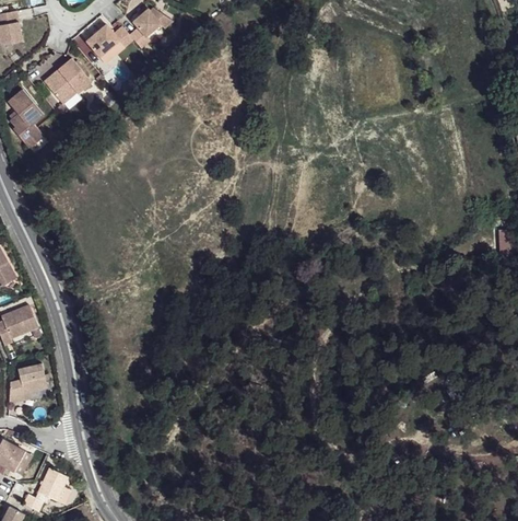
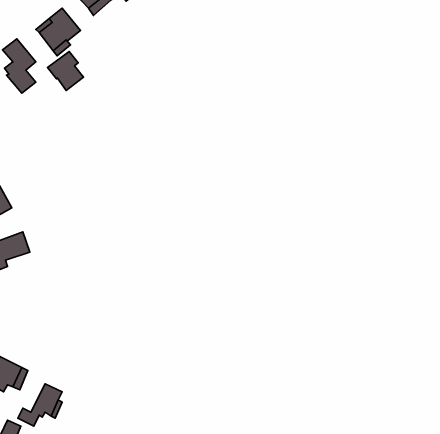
building: none -> [48,51,83,90]
building: [10,362,49,405] -> none

